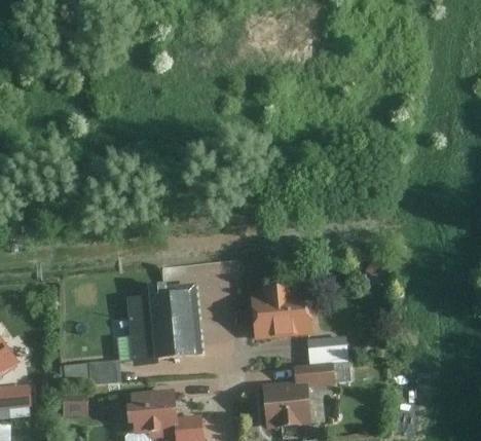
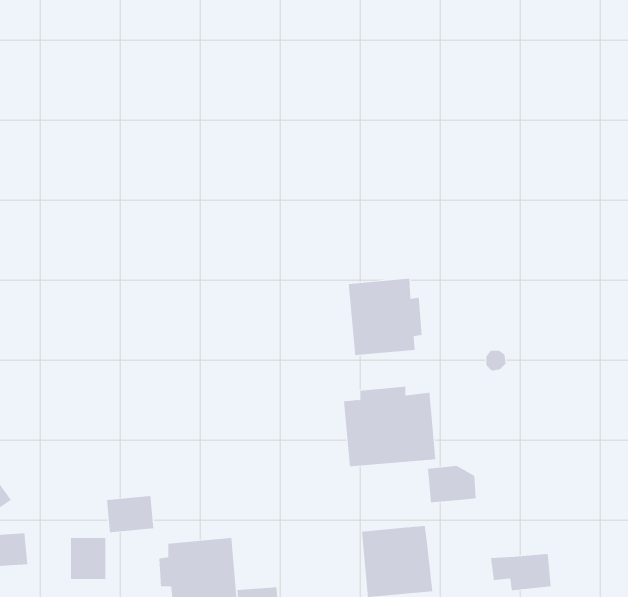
building: none -> [348,278,422,356]
building: [124,279,200,364] -> none
building: [292,361,334,387] -> [490,553,552,591]

